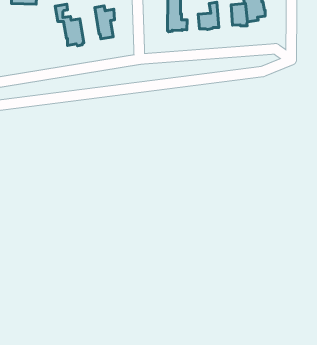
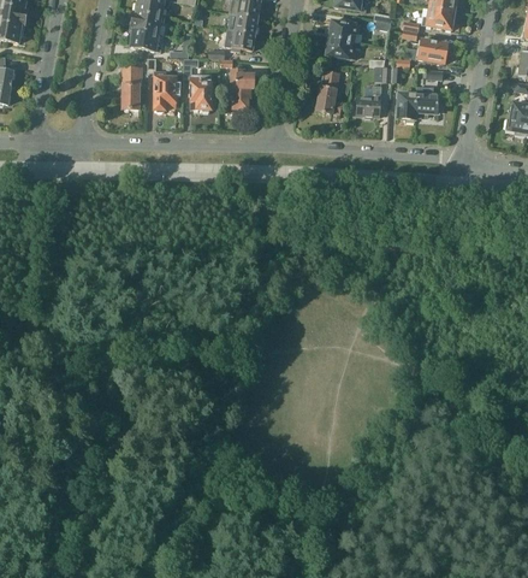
building: none -> [154,70,176,112]
building: none -> [121,67,140,112]

